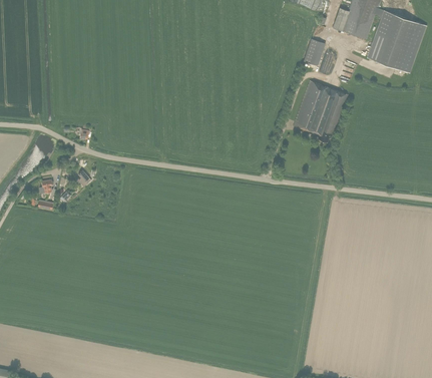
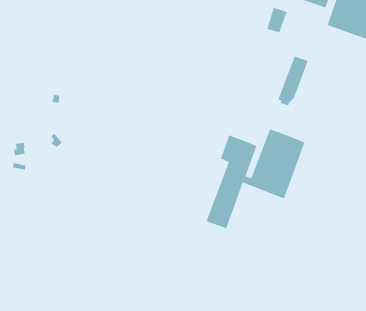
building: [293,81,333,135] -> none
building: none -> [206,128,305,229]

